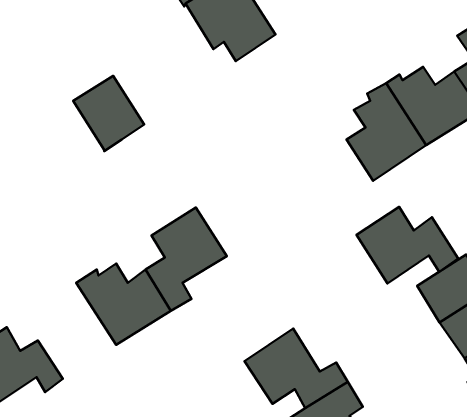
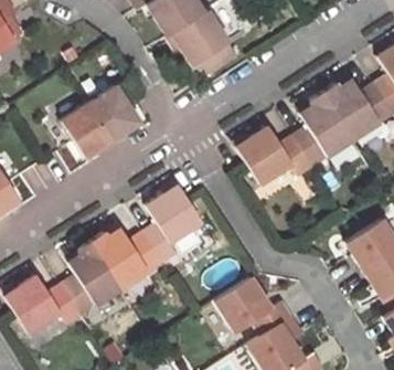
building: none -> [61,105,111,159]
building: [356,207,458,284] -> [236,126,312,183]
building: none -> [62,241,120,313]

